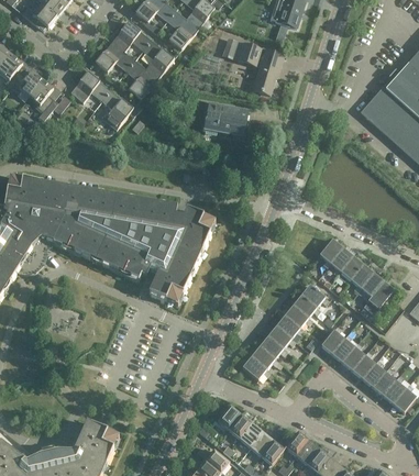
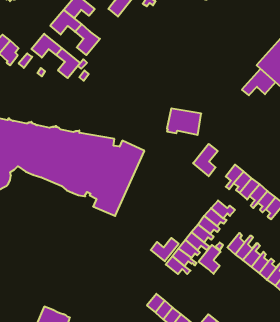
building: [222,37,282,93] -> none
building: [143,38,173,77] -> none
building: [203,102,247,136] -> [167,108,201,135]
building: none -> [242,69,276,95]
building: none -> [193,144,218,176]
building: none -> [151,238,179,261]
building: none -> [199,245,221,274]

